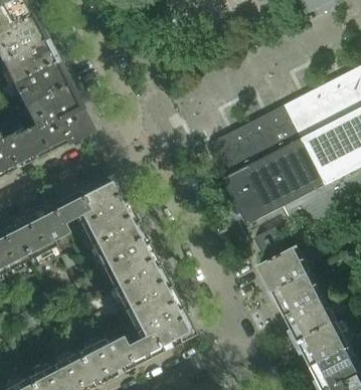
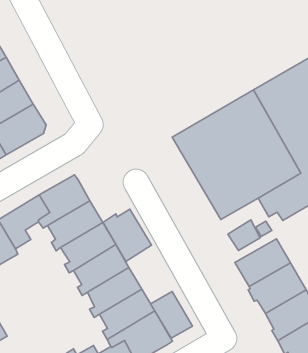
building: none -> [103,209,151,261]
building: none -> [151,292,192,338]

